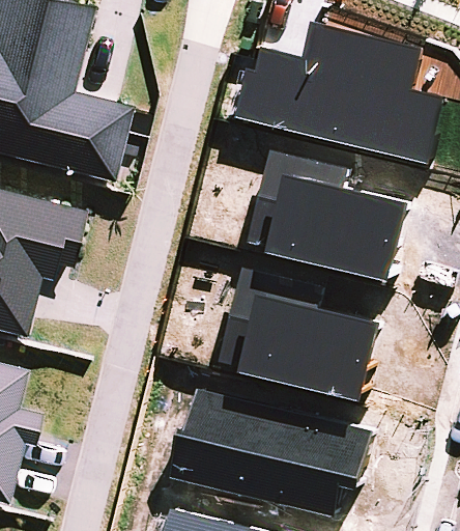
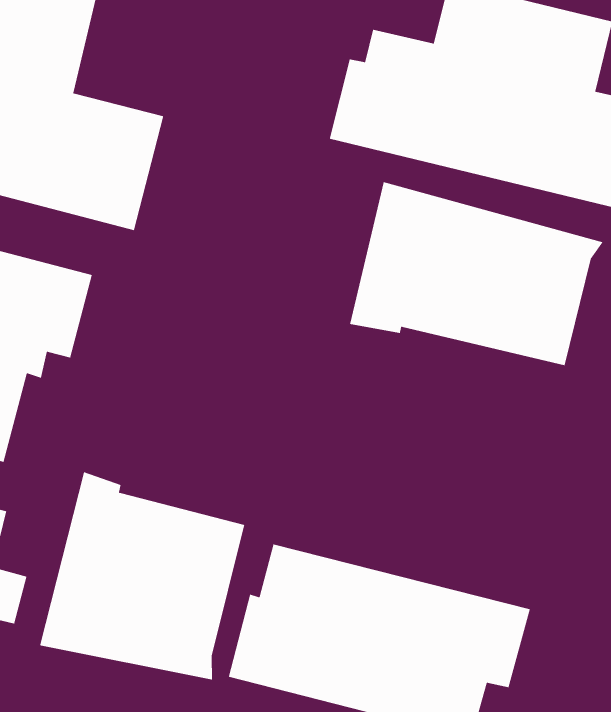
building: [224,267,389,393] -> none
building: none -> [39,471,245,680]

